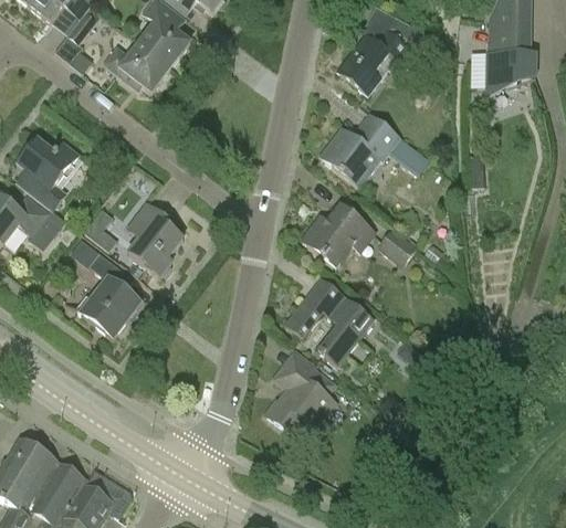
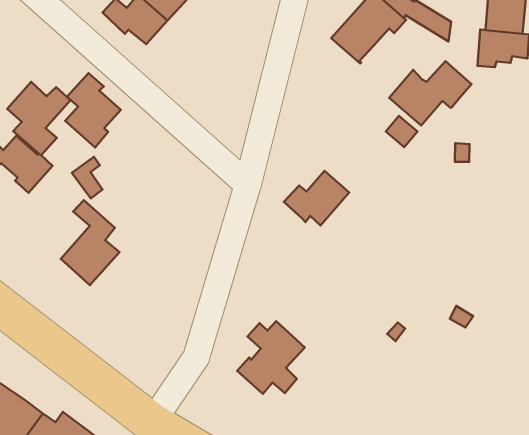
building: [318,116,400,182] -> [389,61,471,125]
building: [127,203,182,277] -> [65,73,121,147]
building: [377,228,417,267] -> none
building: [284,277,374,365] -> none

